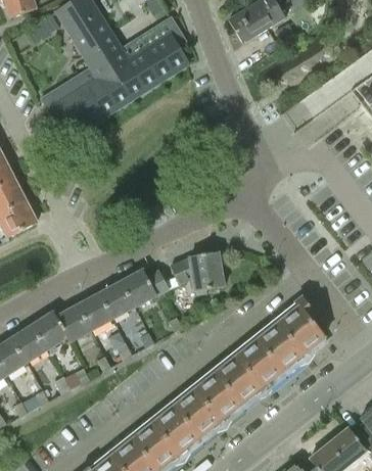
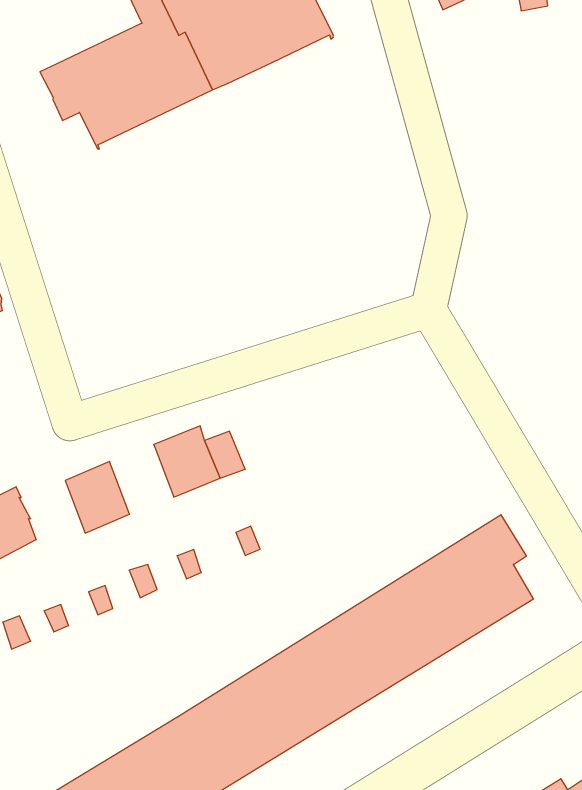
building: [171,252,226,291] -> none
building: [100,282,135,319] -> none
building: [56,305,92,342] -> none

